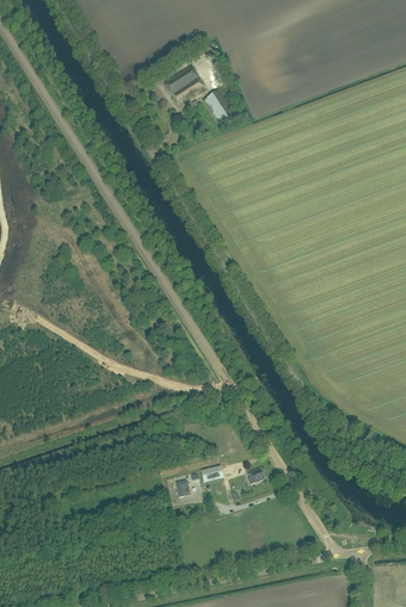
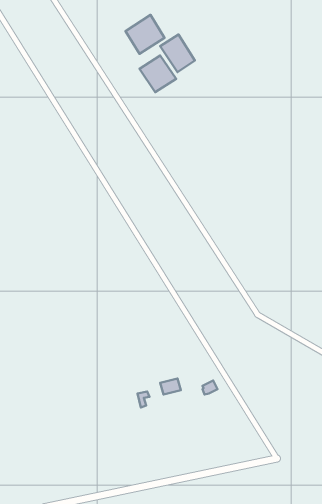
building: none -> [139,55,176,92]

